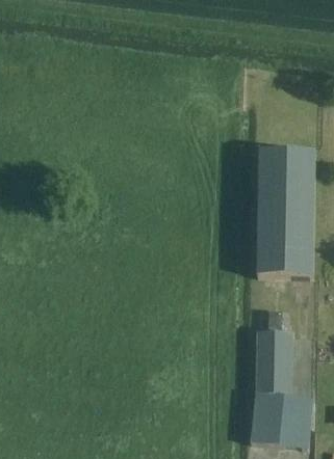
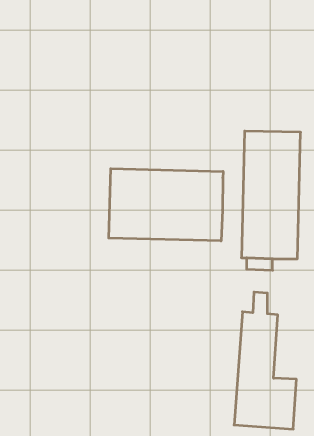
building: none -> [109,169,223,241]

